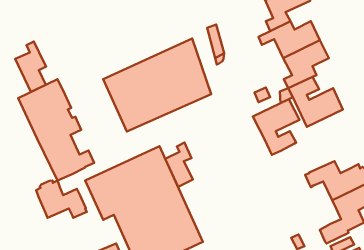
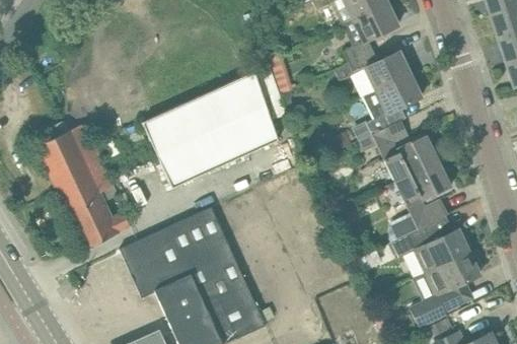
building: [15,41,46,92] -> none
building: [253,99,300,155] -> [394,160,452,229]
building: [165,143,193,187] -> none
building: [36,181,87,218] -> none

